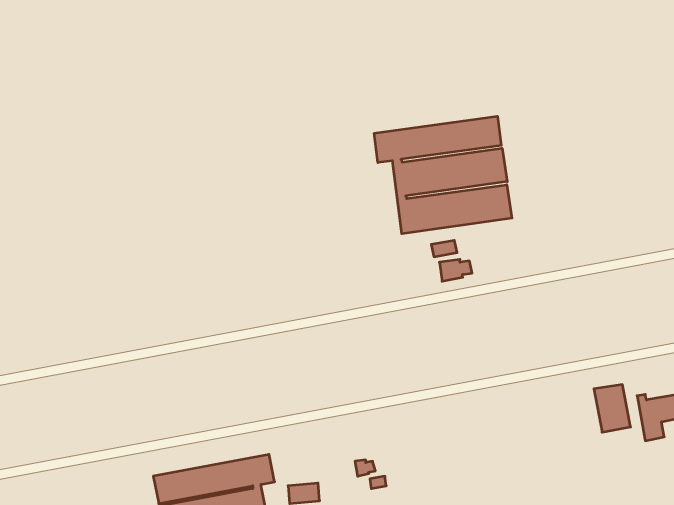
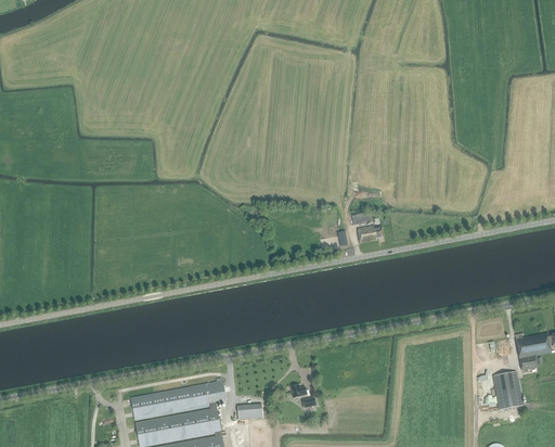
building: [374,116,512,234] -> none
building: [594,385,631,432] -> [493,371,522,409]

